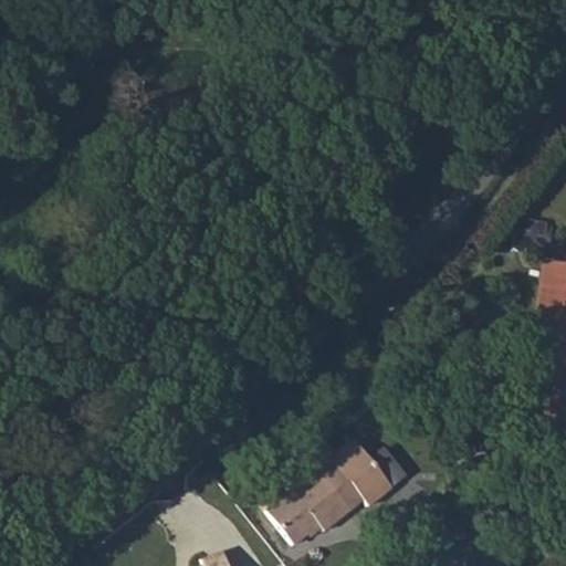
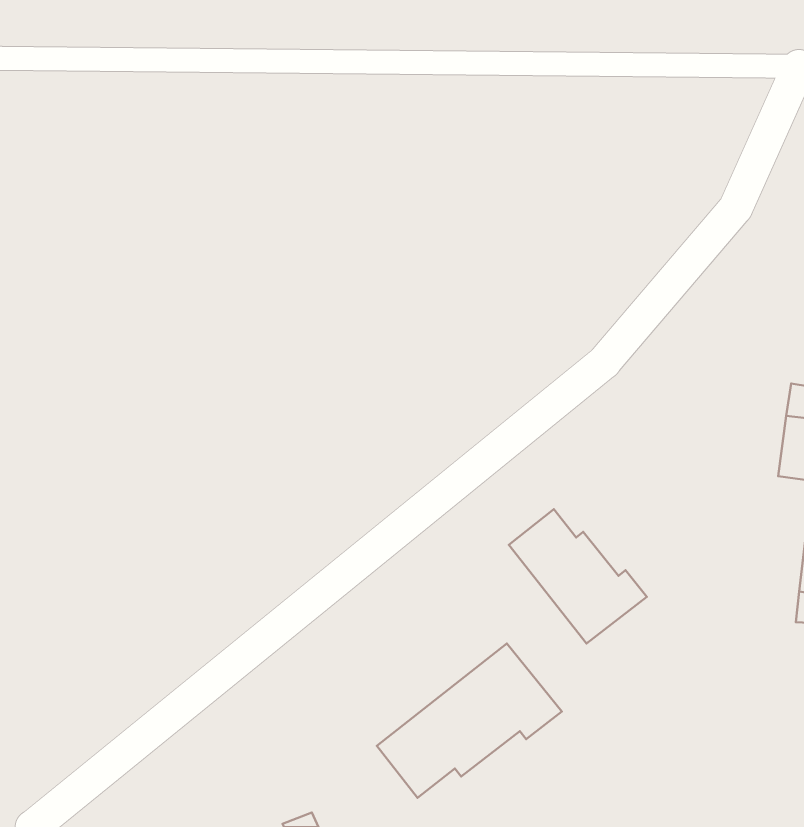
building: none -> [509,509,647,644]

